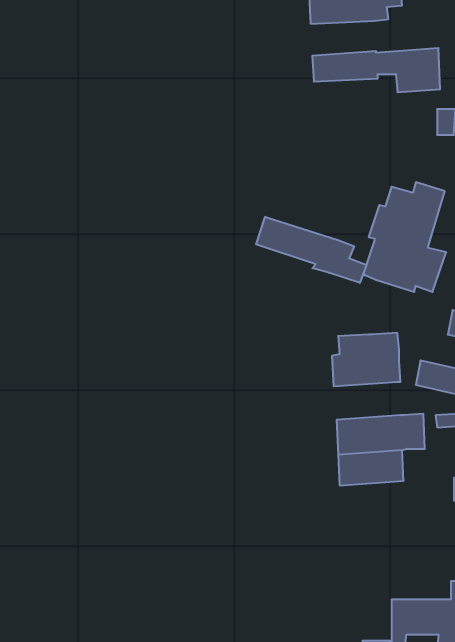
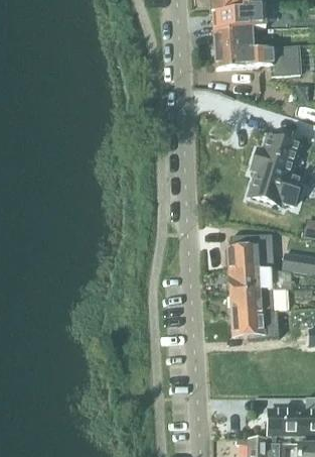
building: none -> [213,26,257,49]
building: [256,217,366,283] -> none
building: none -> [228,265,275,291]

